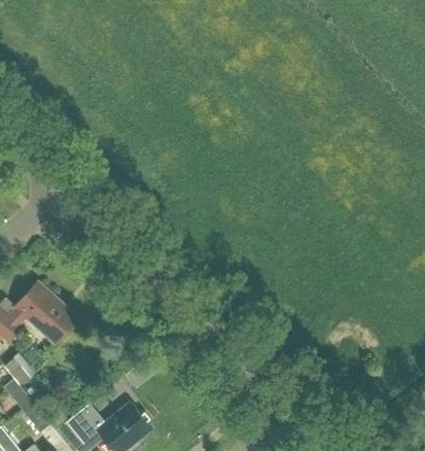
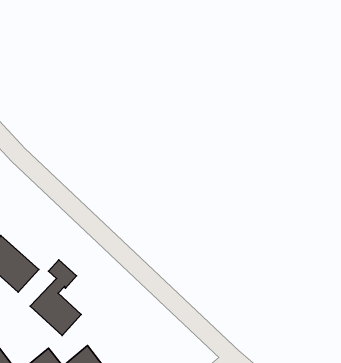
building: none -> [30,260,81,336]

